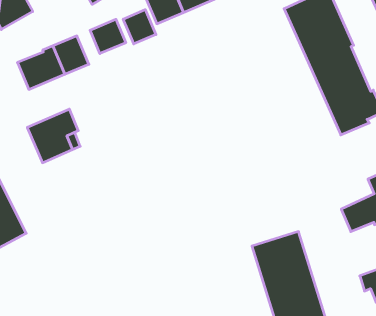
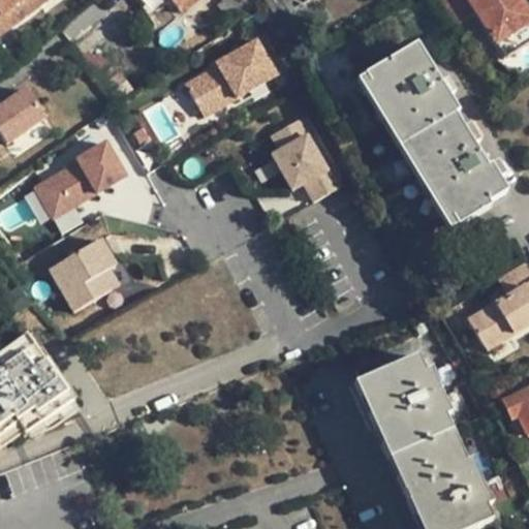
building: [123,10,156,44] -> none
building: [90,19,126,54] -> none
building: none -> [272,114,341,197]

